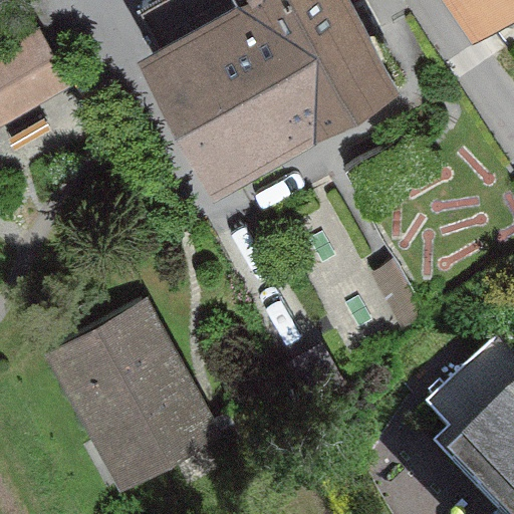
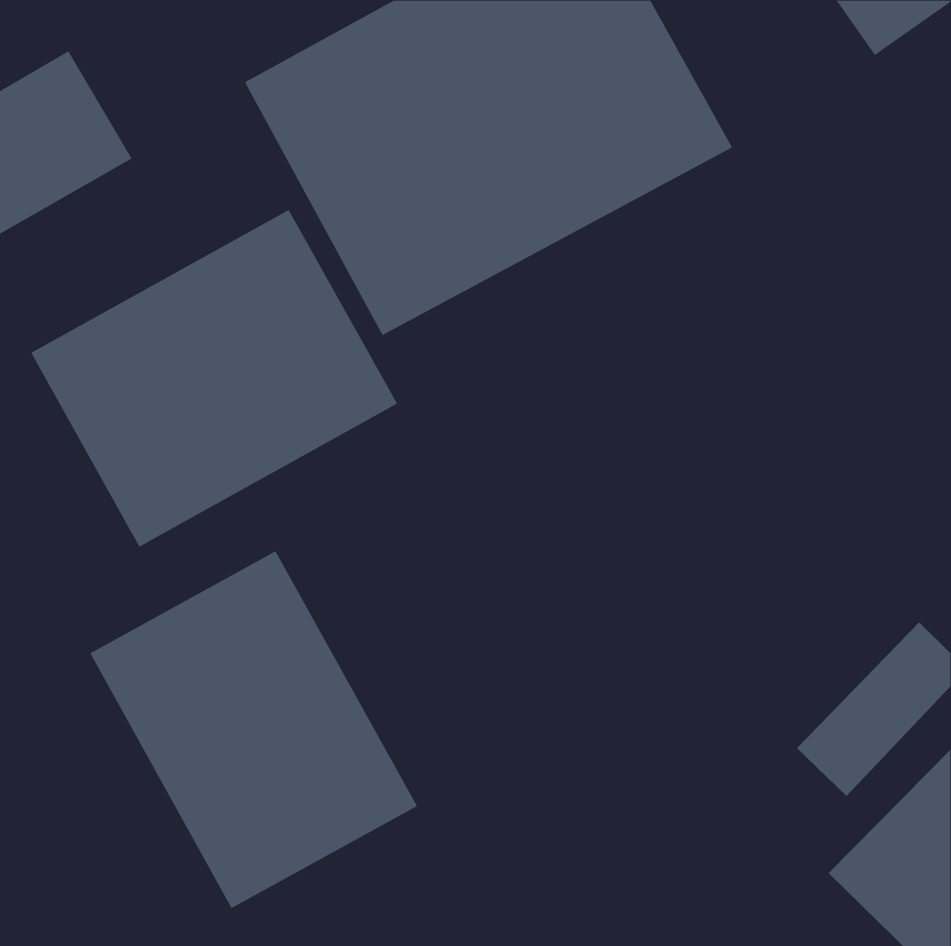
building: none -> [30,209,398,547]

